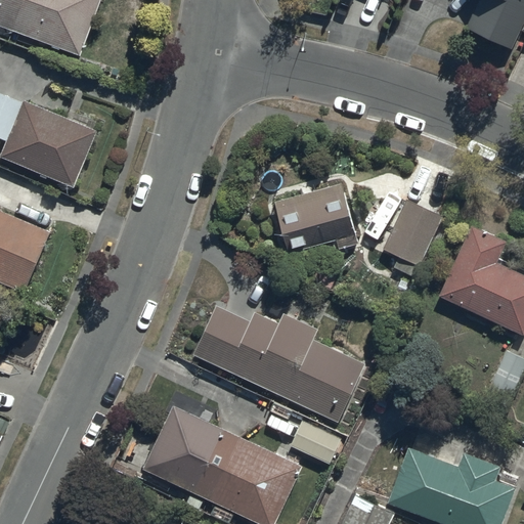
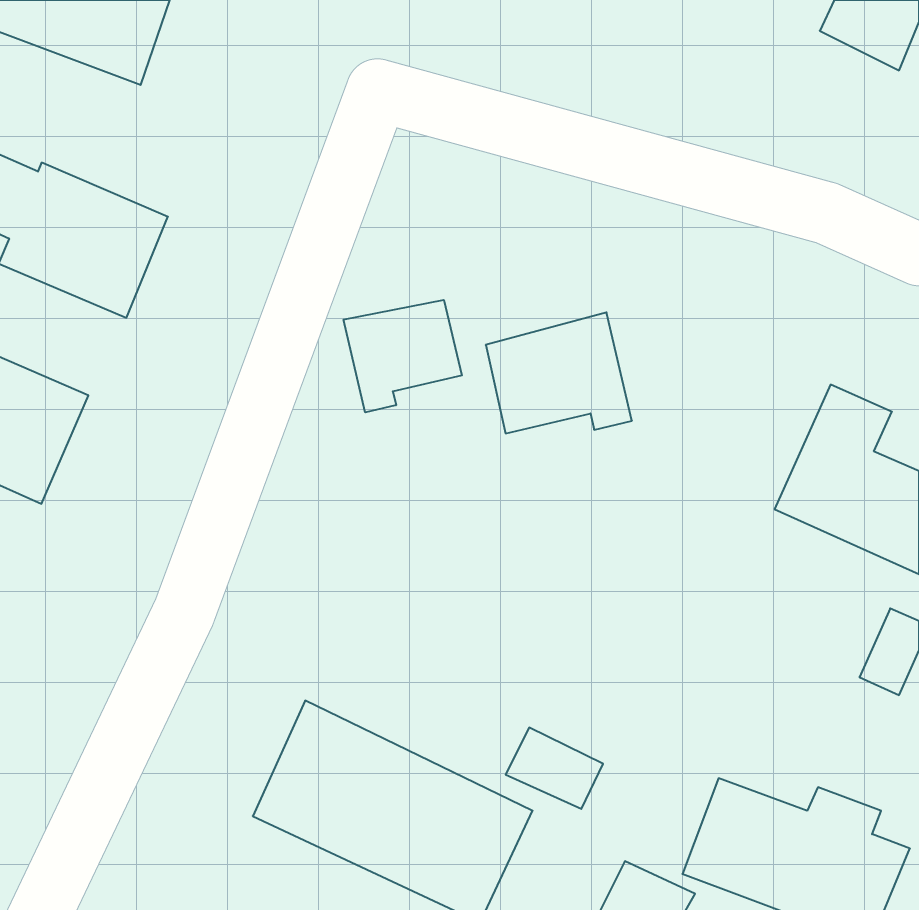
building: none -> [344,300,462,412]
building: [383,201,441,279] -> none
building: [192,306,362,422] -> none

